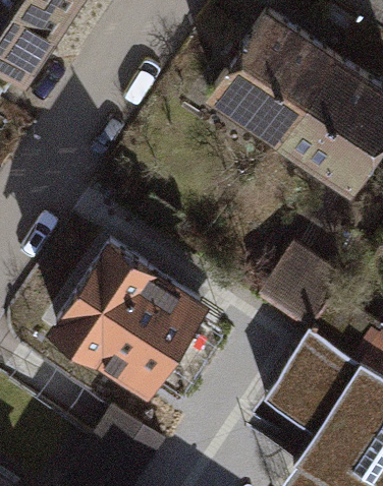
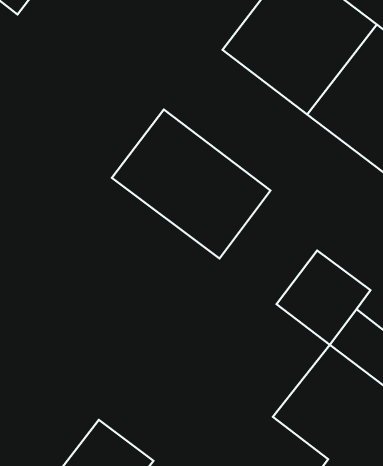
building: none -> [112,110,270,259]
building: [57,253,202,393] -> none

